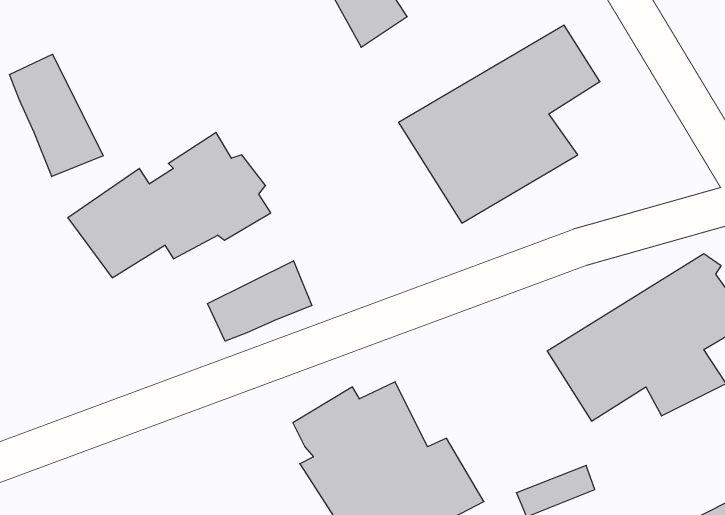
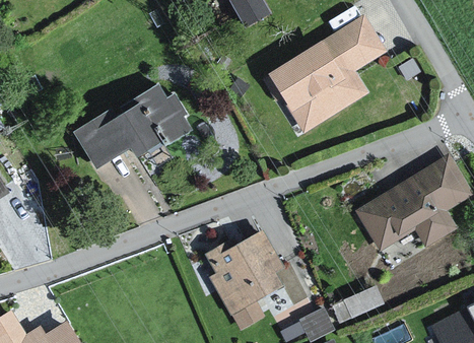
building: [10,54,103,177] -> none
building: [208,261,312,341] -> none

